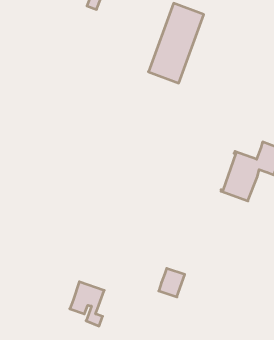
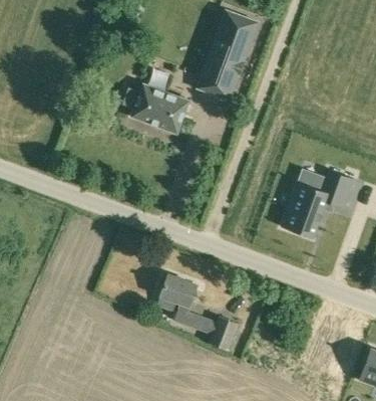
building: none -> [123,84,189,133]
building: [70,282,104,326] -> [156,274,197,326]

